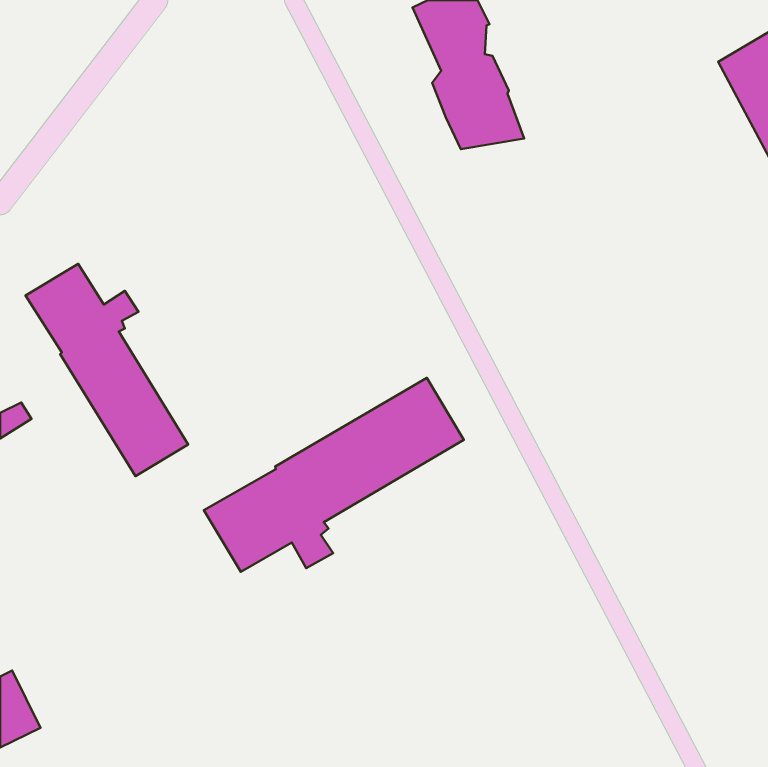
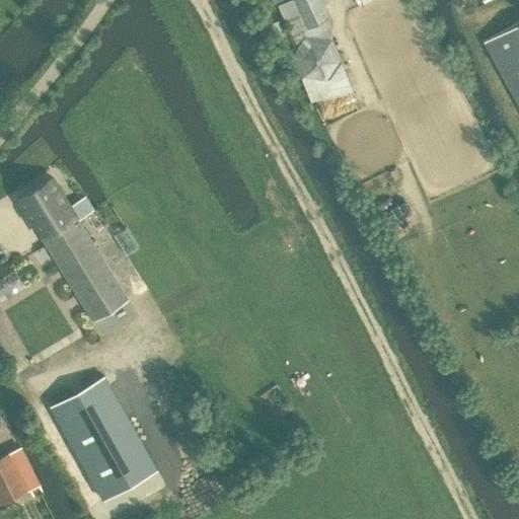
building: [204,378,464,572] -> none
building: none -> [52,377,157,501]

